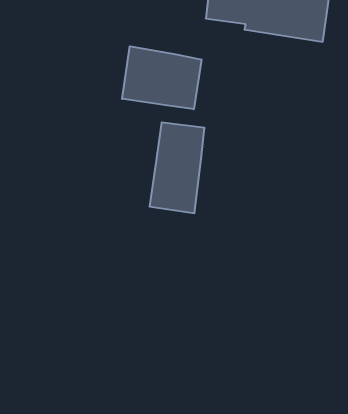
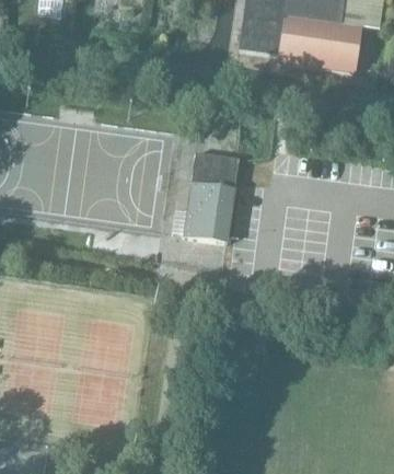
building: [122,46,201,109] -> none

